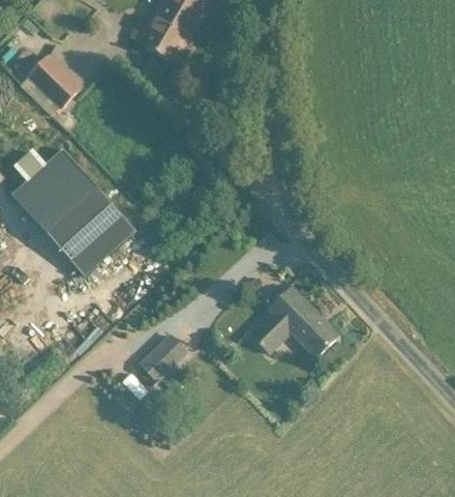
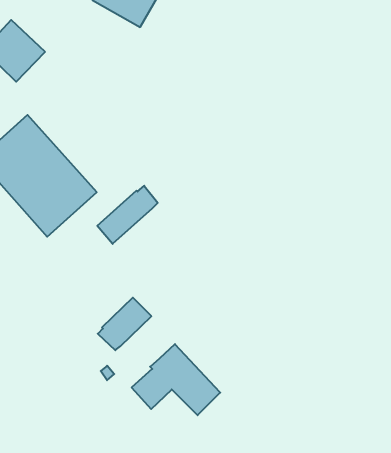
building: none -> [97,186,158,244]
building: [250,288,339,359] -> [132,344,220,415]

